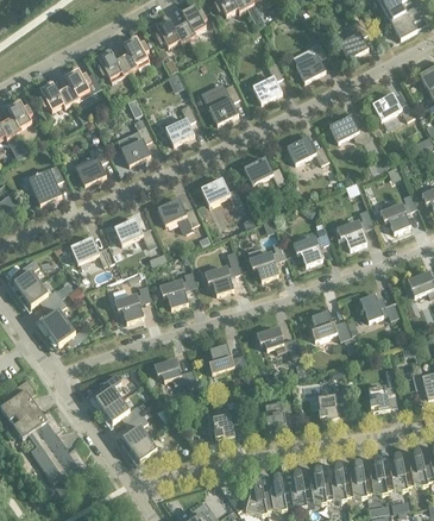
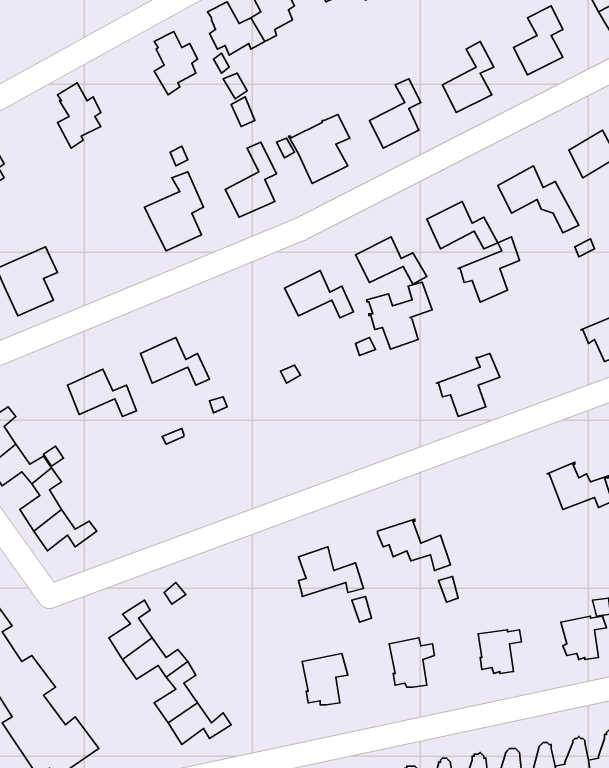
building: [95,46,130,77] -> none
building: [38,77,71,109] -> none
building: [76,143,107,184] -> none
building: [156,196,199,228] -> none
building: [335,209,372,249] -> [458,237,520,302]
building: [246,239,285,280] -> [367,282,432,349]
building: [203,249,240,294] -> none
building: [158,270,195,307] -> none
building: [113,283,151,321] -> none
building: [310,309,350,339] -> none
building: [153,358,195,384] -> none

